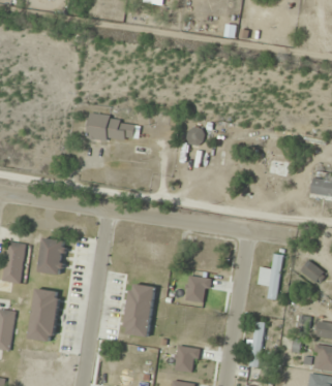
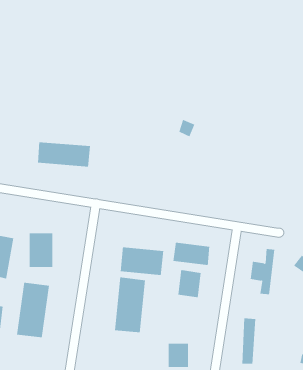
building: [86,117,139,141] -> [37,142,91,167]
building: none -> [173,242,210,266]
building: none -> [120,246,164,276]

